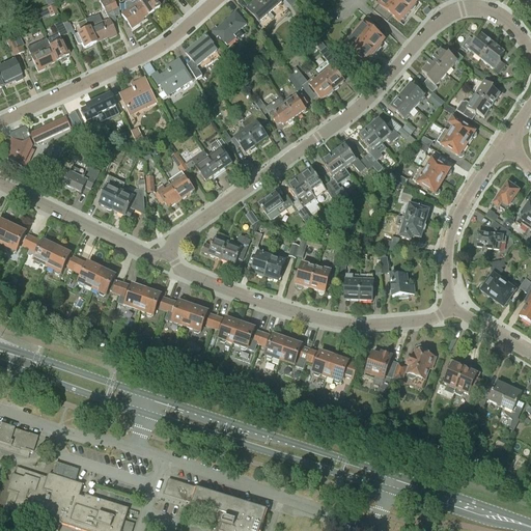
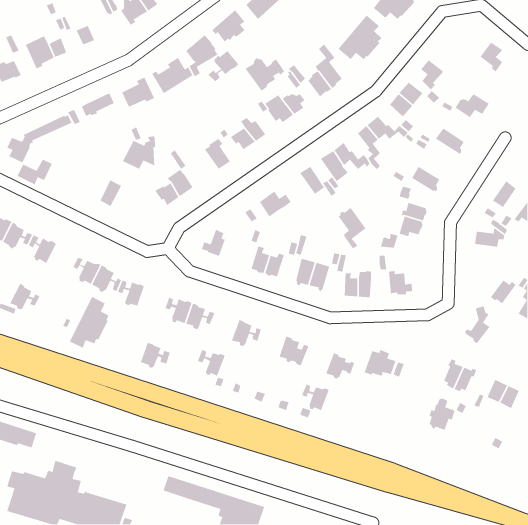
building: [84,11,115,40] -> none
building: [460,32,492,57] -> none
building: [429,47,462,72] -> none
building: none -> [208,50,239,82]
building: none -> [244,57,285,92]
building: [474,73,499,104] -> none
building: [444,115,475,142] -> none
building: [192,149,219,179] -> none
building: [419,153,450,179] -> none
building: [62,164,99,191] -> [17,158,53,185]
building: [286,173,315,216] -> [337,207,366,249]
building: [111,181,145,216] -> [122,136,156,170]
building: [220,233,250,263] -> none
building: [47,244,78,272] -> [9,283,40,311]
building: [478,258,504,298] -> [465,305,490,344]
building: [138,286,169,313] -> [140,342,171,369]
building: none -> [69,296,109,349]
building: [211,313,240,341] -> [197,349,226,377]
building: [258,330,286,358] -> none
building: [407,343,434,376] -> [429,398,456,431]
building: [305,346,334,374] -> [301,383,330,411]

